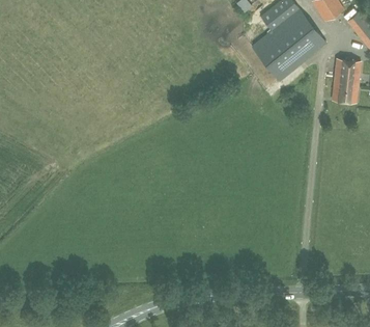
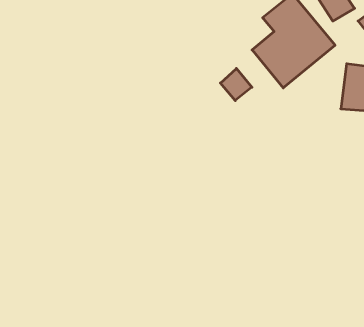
building: none -> [220,68,252,101]

